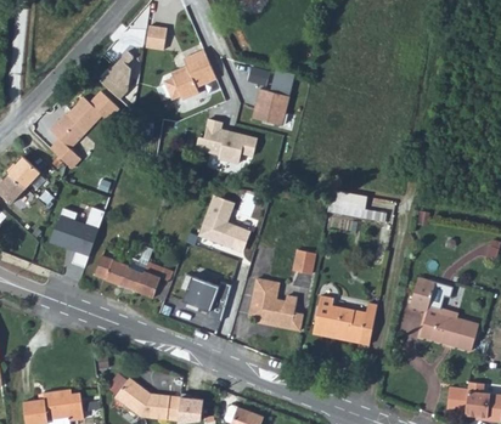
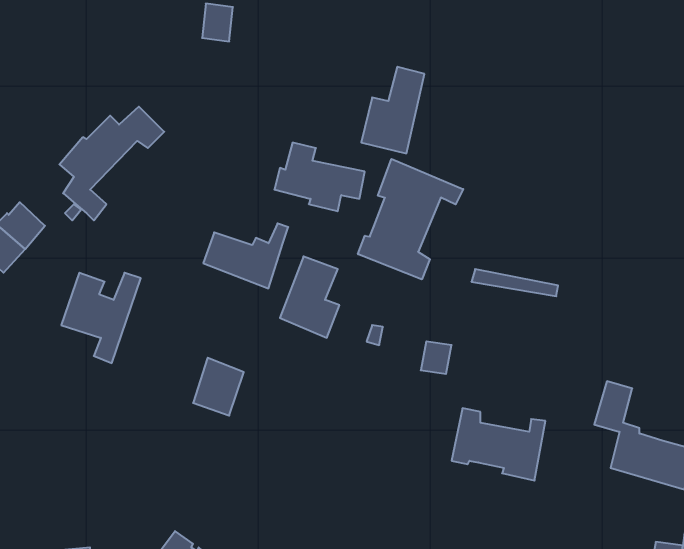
building: [97,47,136,101] -> none
building: [165,49,218,98] -> none
building: none -> [358,159,463,279]
building: [96,249,153,293] -> [203,223,288,288]
building: [181,272,235,317] -> none
building: [249,281,302,332] -> none

